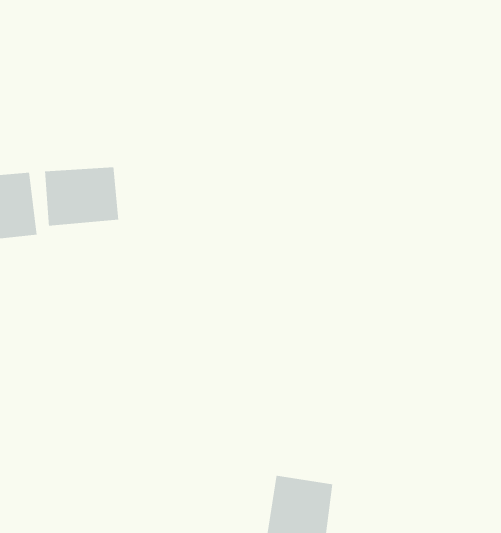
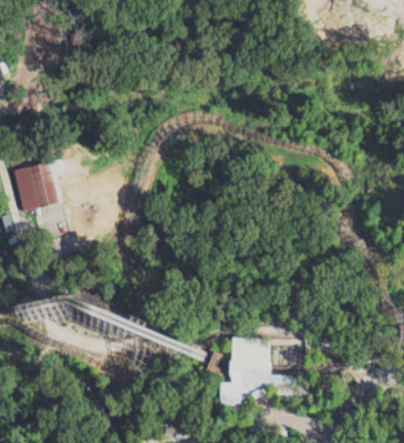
building: [45,167,119,227] -> none

